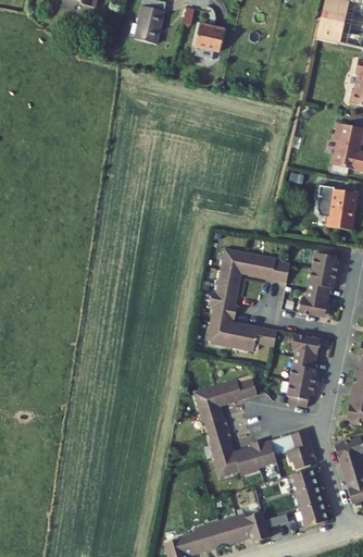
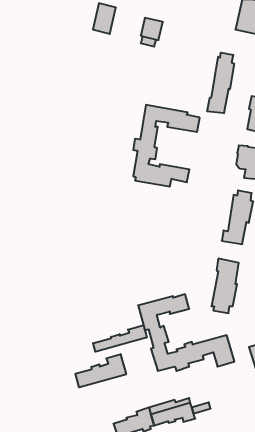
building: none -> [207,53,234,113]
building: [206,245,291,349] -> [133,105,200,186]
building: none -> [93,325,147,352]
building: none -> [75,354,126,387]
building: [287,470,325,529] -> none

